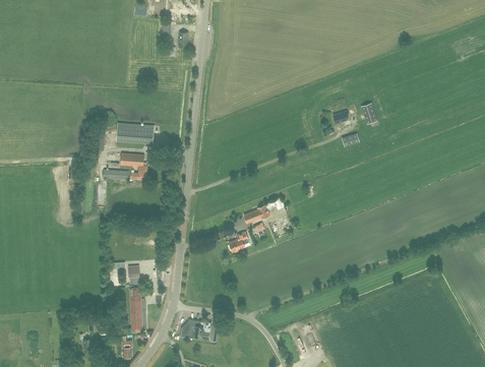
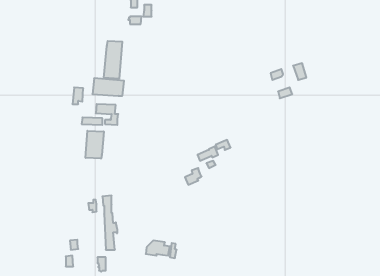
building: none -> [104,41,122,79]
building: none -> [86,131,104,159]

